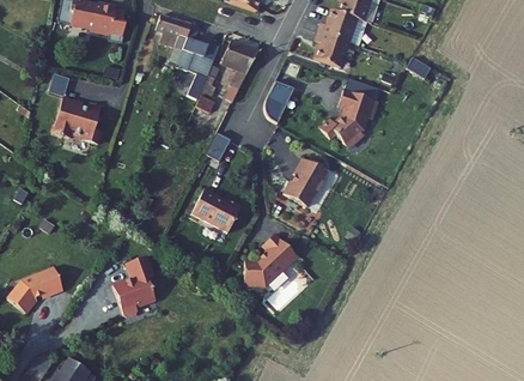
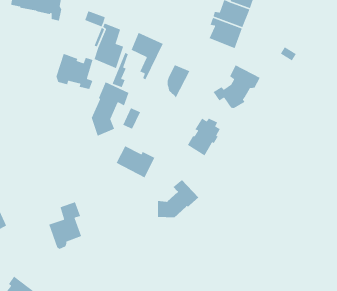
building: [59,93,106,140] -> [56,53,94,90]
building: none -> [91,81,130,137]

